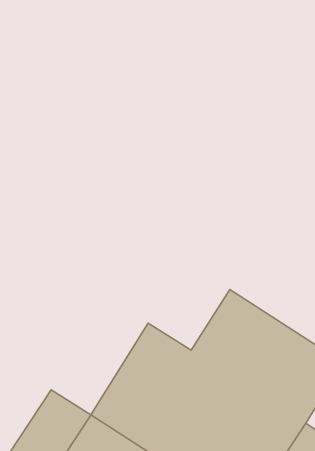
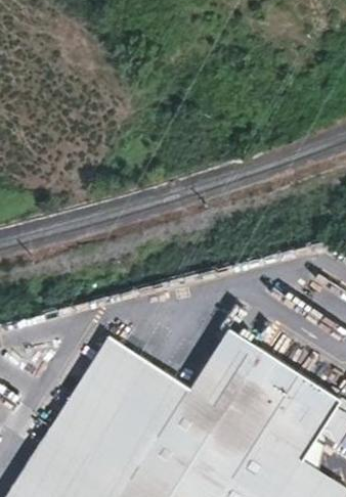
building: none -> [52,337,147,451]

